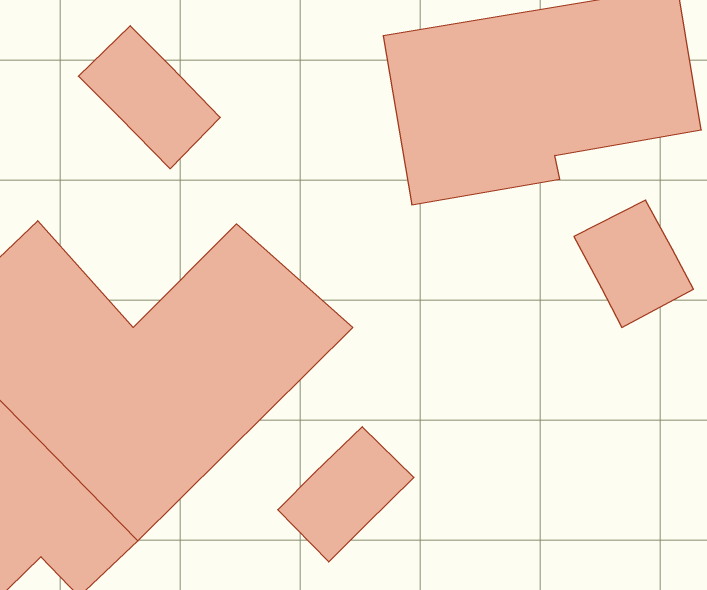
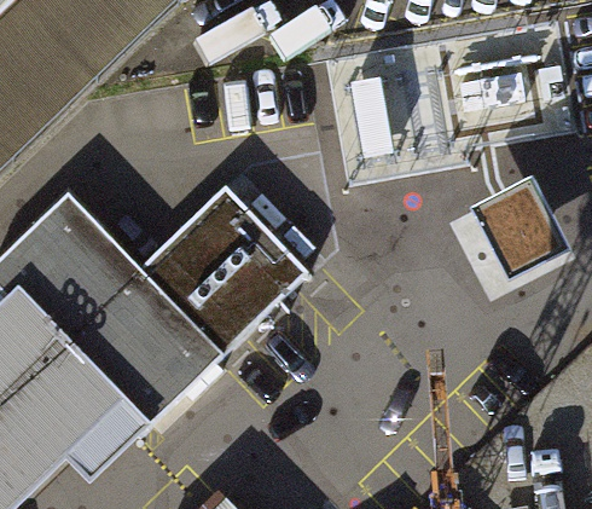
building: [78,26,220,169] -> none
building: [278,427,414,562] -> none

